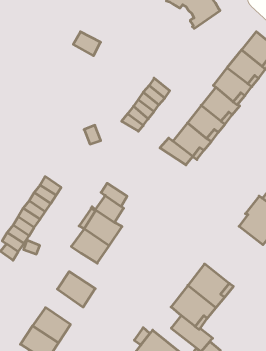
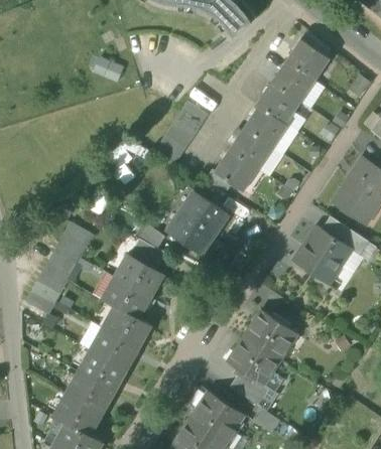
building: none -> [169,191,230,254]
building: none -> [108,308,151,347]
building: none -> [84,351,127,391]

